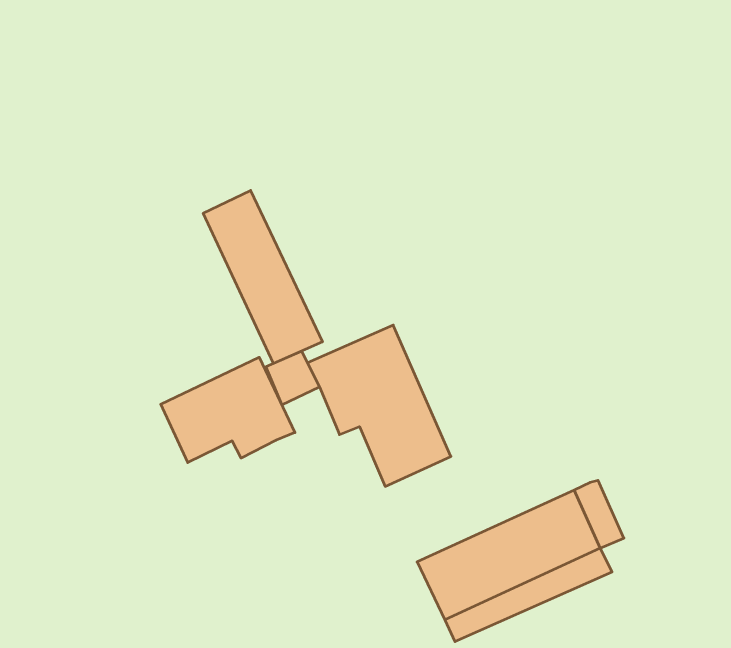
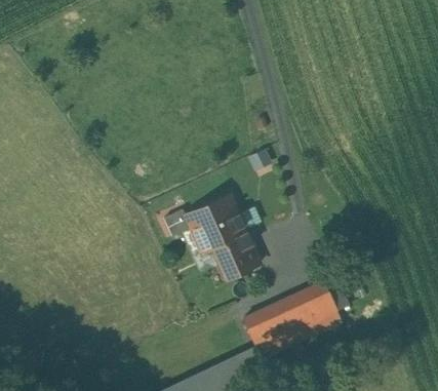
building: [203,190,322,363] -> none
building: [161,357,295,463] -> none

